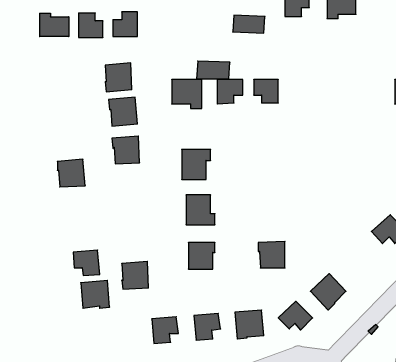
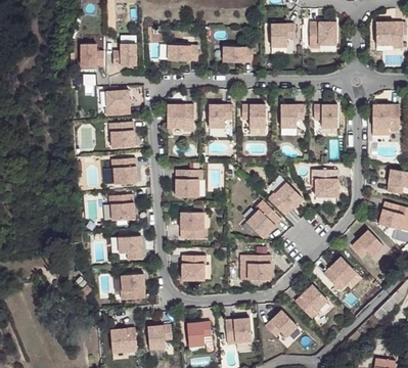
building: [40,13,69,37] -> none
building: [197,61,230,79] -> [168,44,198,60]
building: none -> [280,105,304,127]
building: none -> [314,105,336,127]
building: none -> [311,170,338,195]
building: [57,159,85,187] -> [109,194,135,220]
building: none -> [268,182,302,216]
building: none -> [246,200,281,237]
building: none -> [322,257,356,290]
building: [73,250,100,275] -> [119,235,143,259]
building: [81,280,110,308] -> [110,327,137,353]

